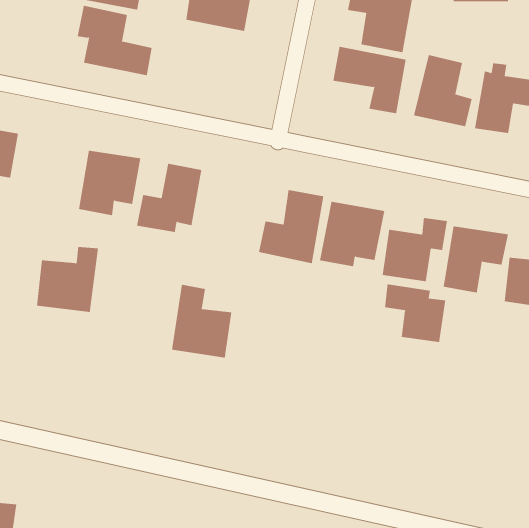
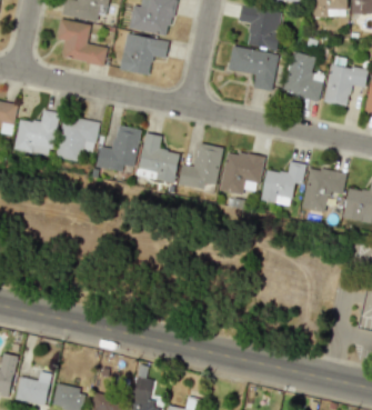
building: none -> [119,32,168,74]
building: [36,247,99,312] -> [14,110,57,154]
building: [385,284,446,343] -> none
building: [171,284,232,358] -> [138,132,179,182]

